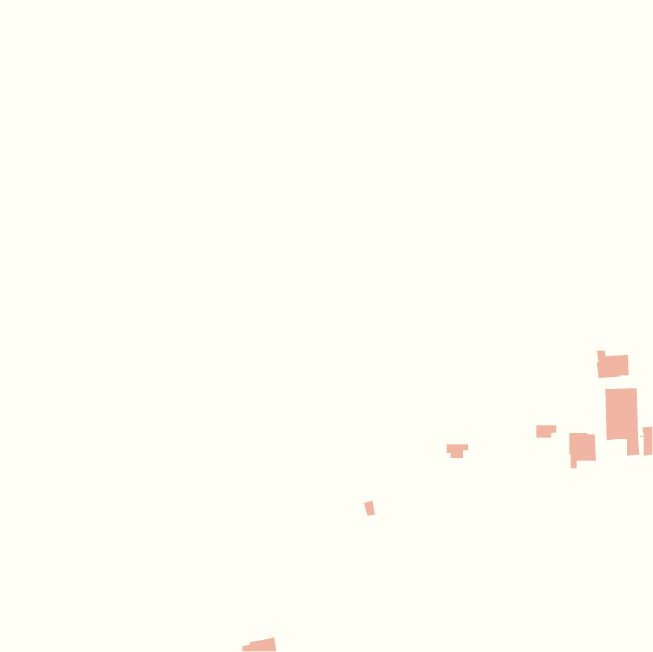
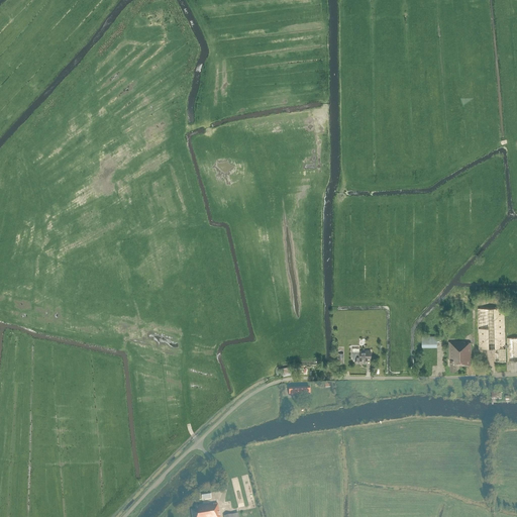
building: [596,350,630,379] -> none

